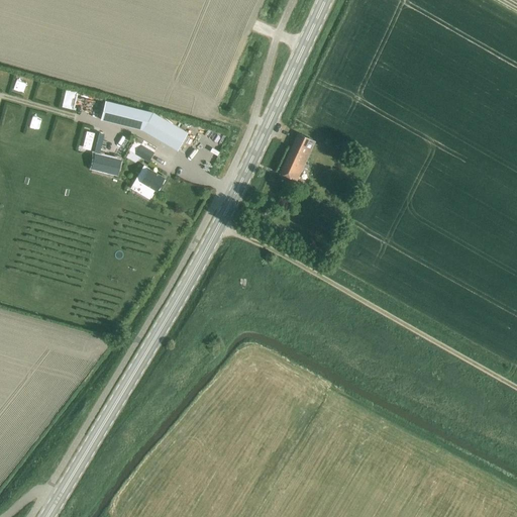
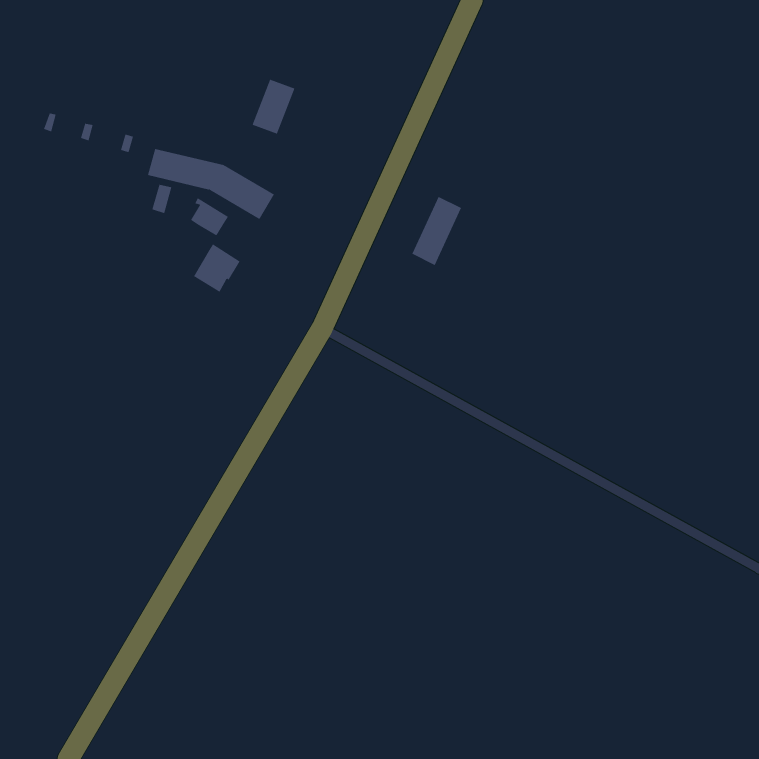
building: none -> [252,79,295,134]
building: [91,152,120,175] -> none

